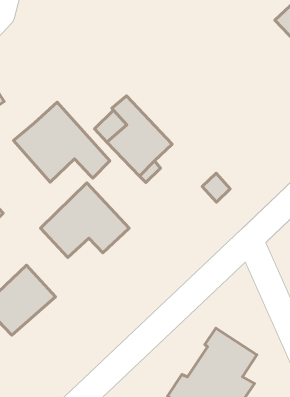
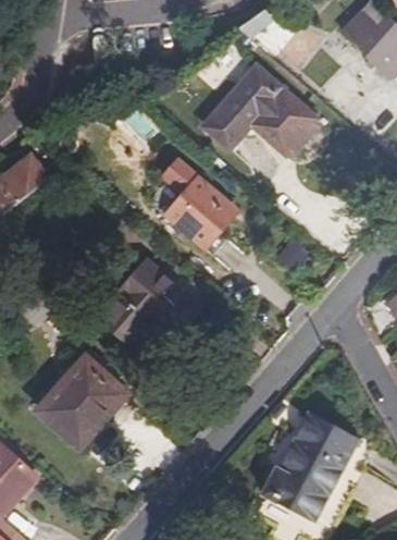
building: none -> [204,65,315,152]
building: [14,102,110,182] -> none

